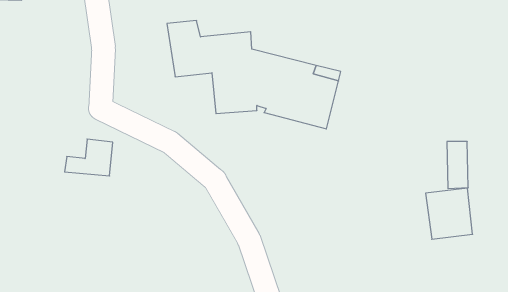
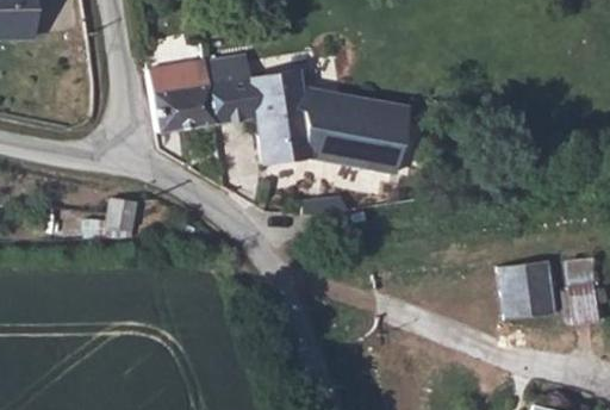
building: none -> [148,60,212,126]
building: [447,142,468,189] -> [568,266,593,321]

